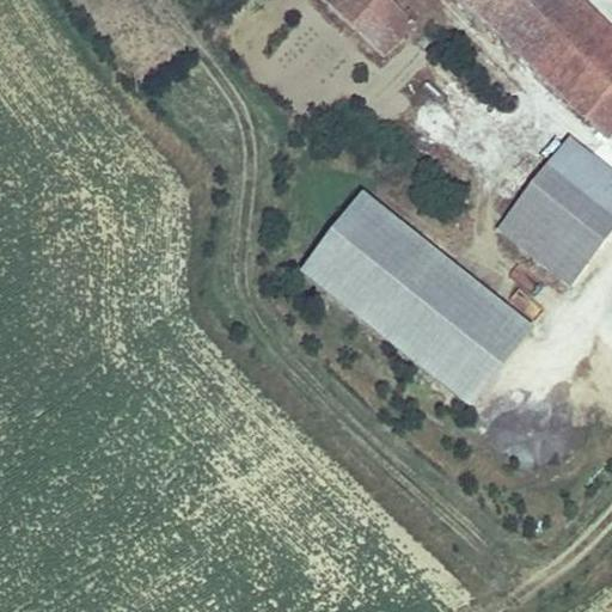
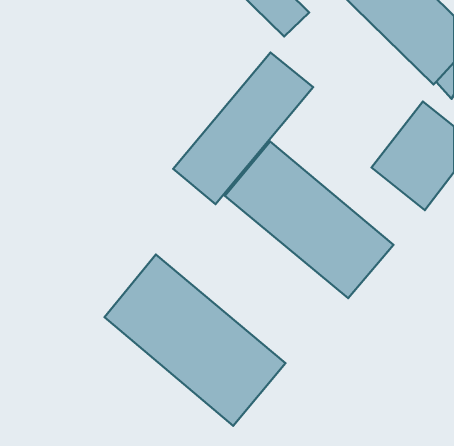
building: none -> [173,53,313,204]
building: none -> [105,255,285,426]

